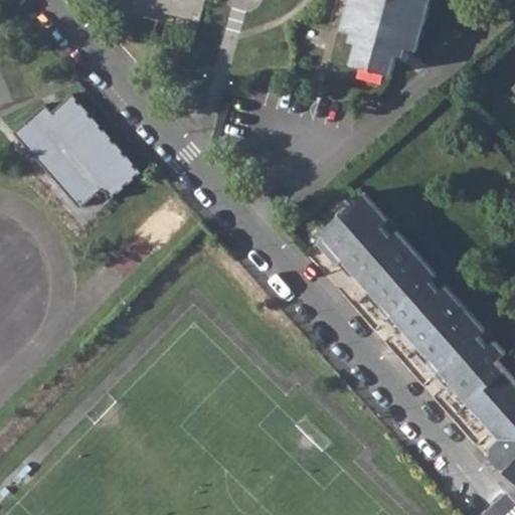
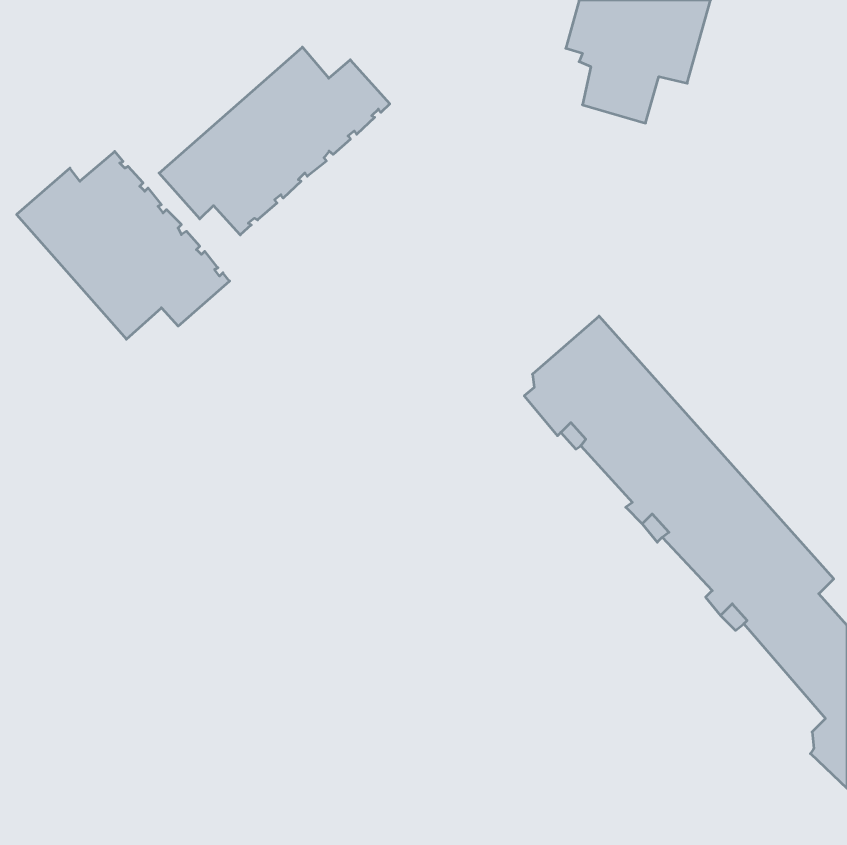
building: none -> [159,47,390,235]

